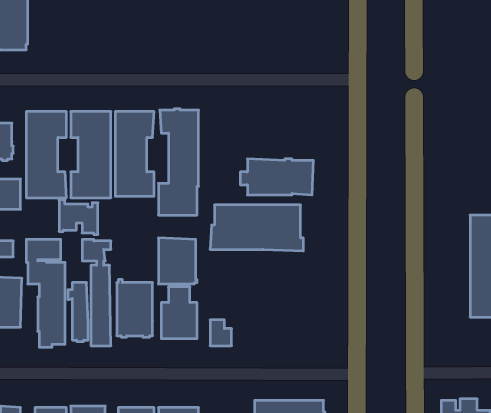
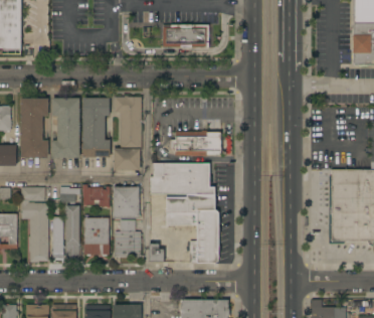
building: none -> [162,24,208,48]
building: [59,200,98,234] -> [82,184,110,208]
building: none -> [166,194,220,263]

